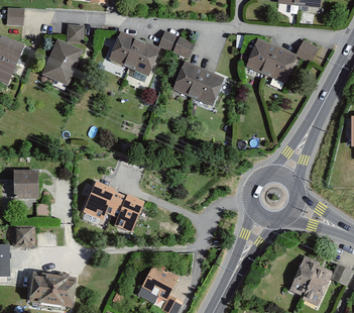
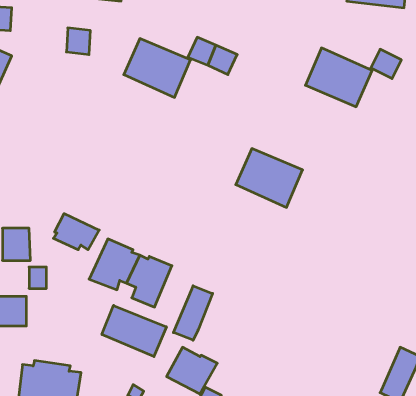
building: [41,38,83,85] -> none
building: [173,61,224,105] -> [236,149,303,207]
building: none -> [53,214,99,250]
building: none -> [173,286,213,340]
building: none -> [102,305,166,357]
building: [288,254,319,296] -> none

